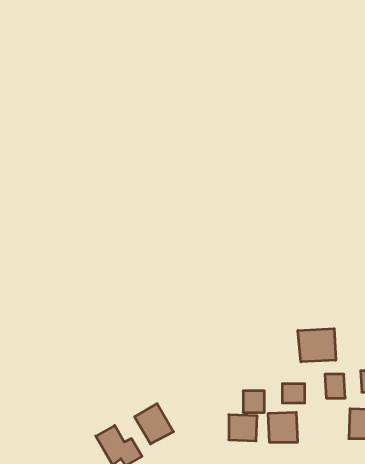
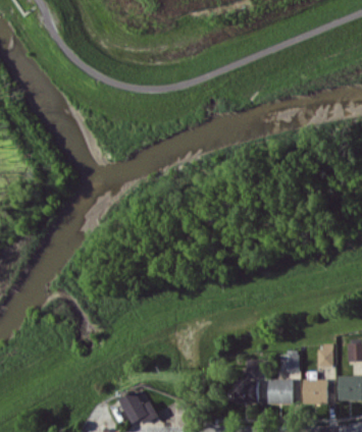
building: [298,329,336,362] -> none
building: [135,404,174,444] -> none
building: none -> [302,380,326,404]

